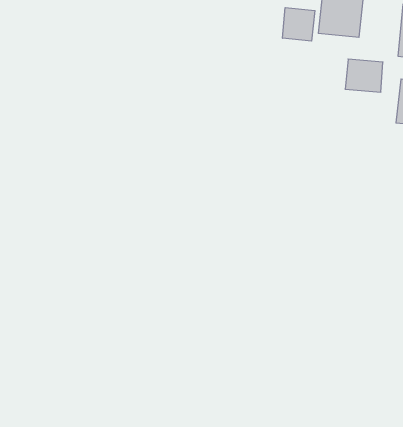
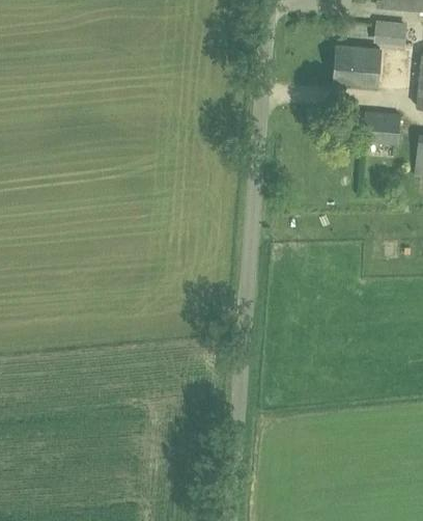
building: [283,8,315,41] -> none

